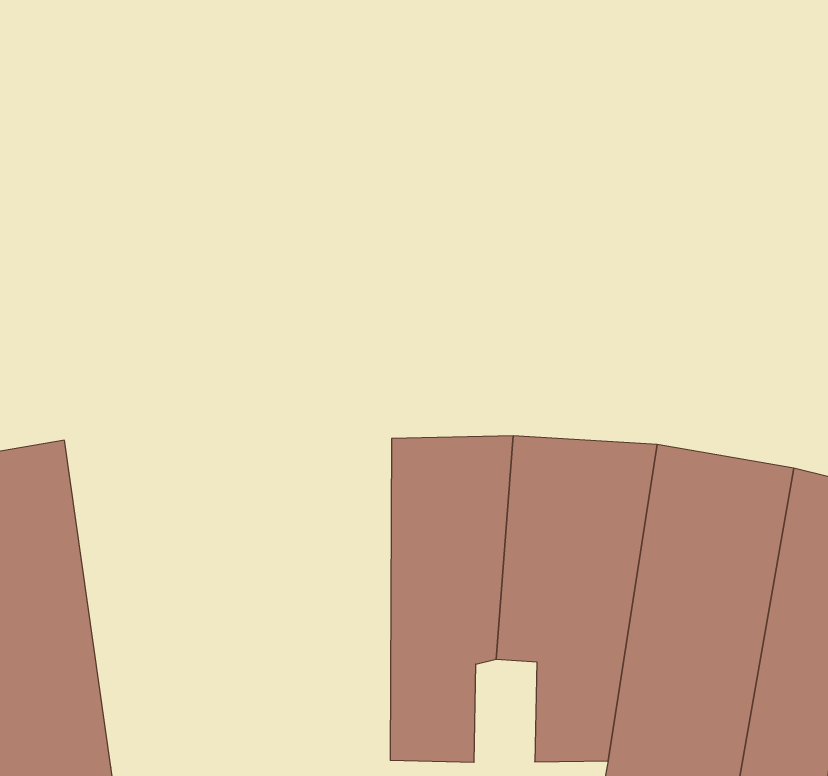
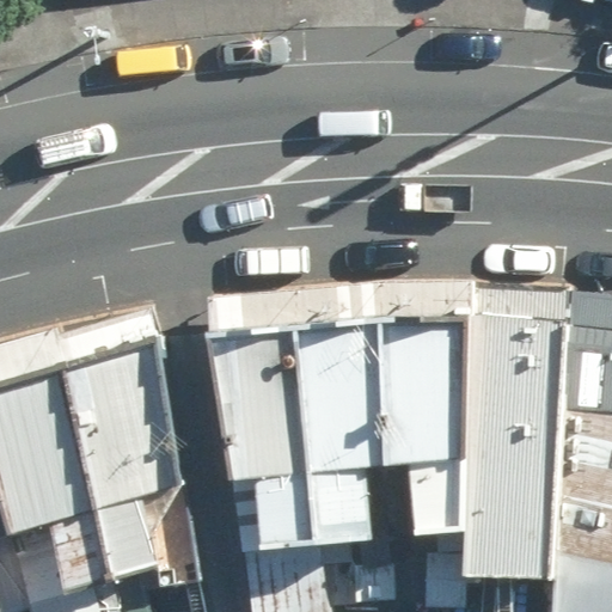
building: none -> [75,341,195,576]
building: none -> [206,336,317,561]

